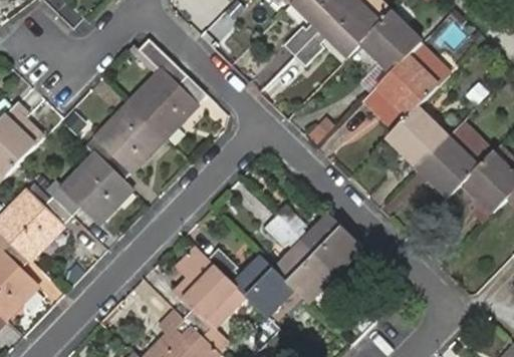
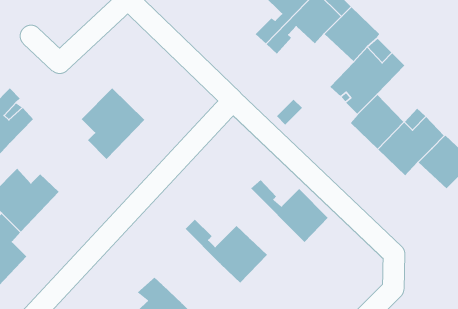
building: [127,39,207,138] -> none
building: [49,152,130,224] -> none
building: [266,213,337,298] -> none
building: [174,246,245,337] -> none

